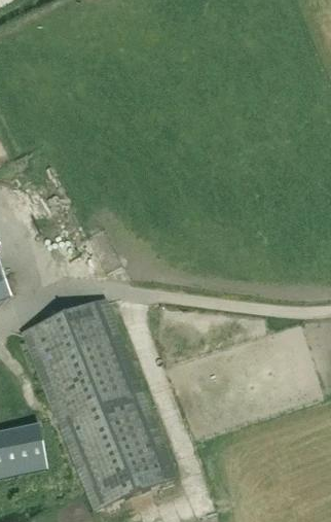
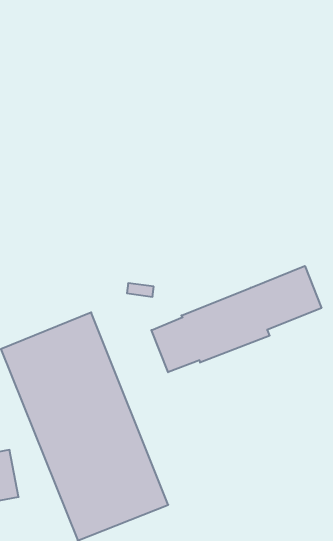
building: none -> [151,266,321,372]

